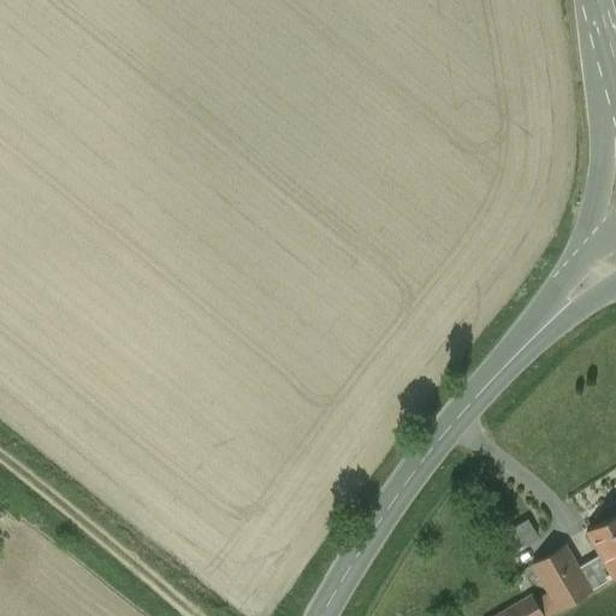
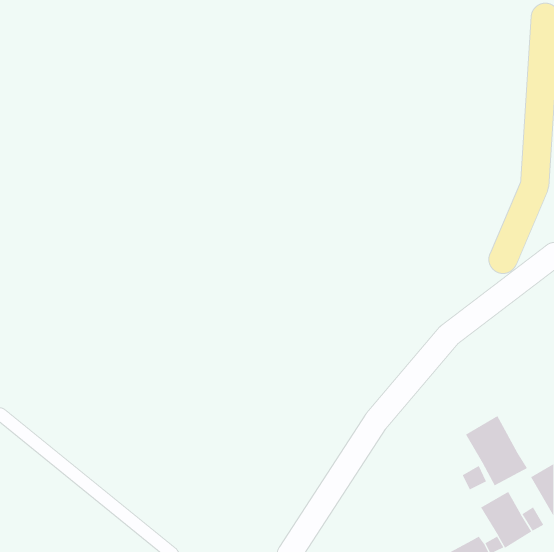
building: none -> [465,415,528,486]

